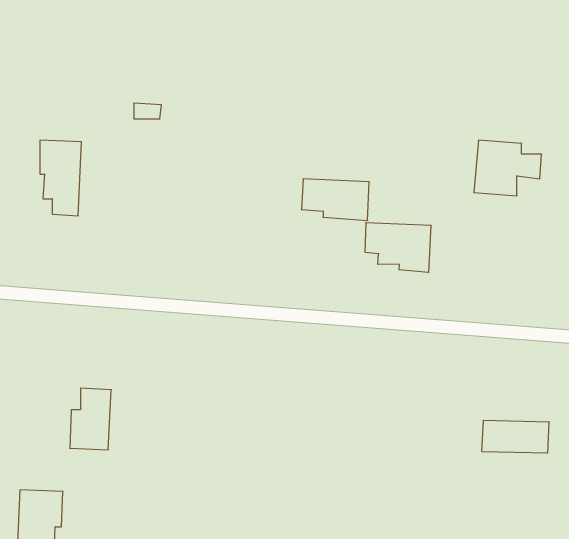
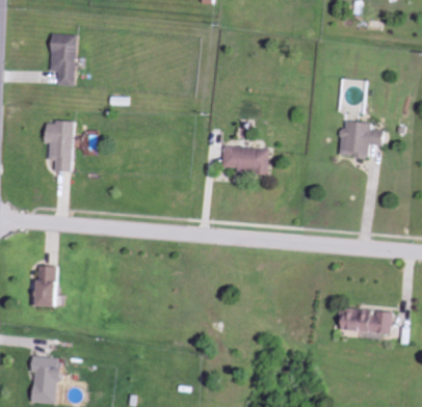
building: none -> [51,35,76,87]
building: [365,222,431,273] -> none
building: [70,388,111,450] -> [31,265,59,306]

